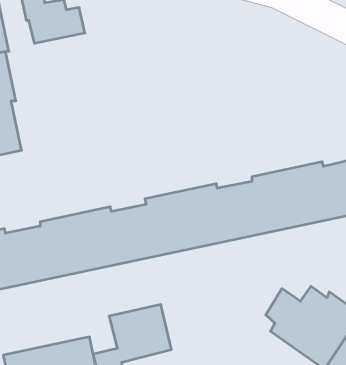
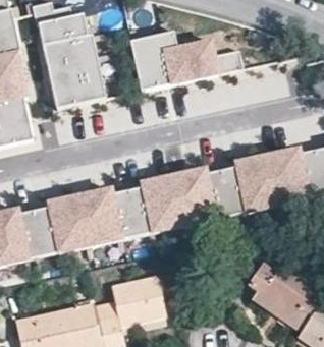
building: none -> [129,31,241,91]
building: none -> [43,35,105,108]

